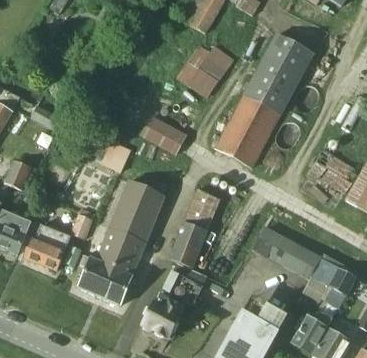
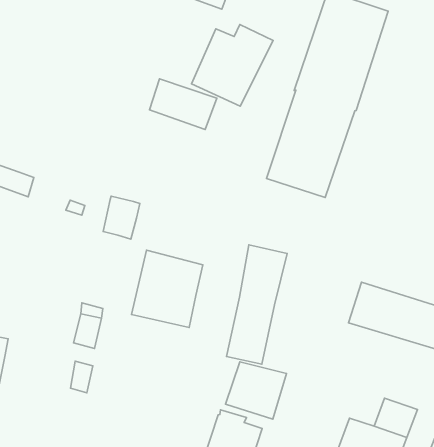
building: [141,116,186,154] -> [150,79,217,130]
building: [78,221,148,305] -> none
building: [24,225,70,270] -> none

